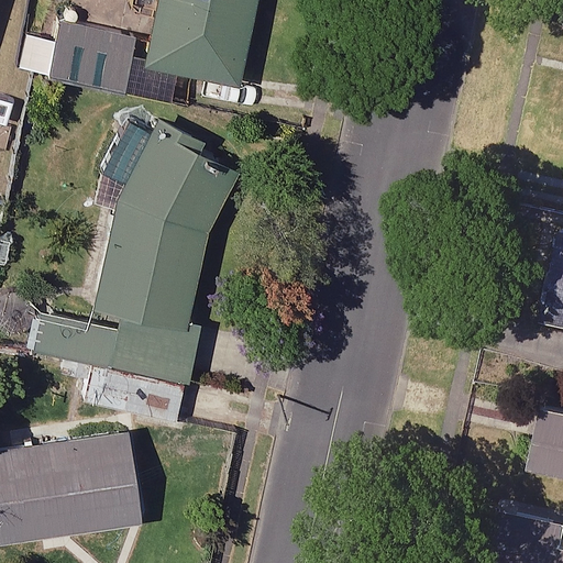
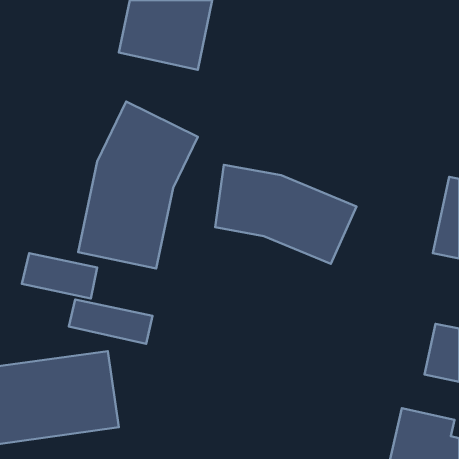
building: [45,23,137,95] -> none
building: none -> [215,165,356,264]

